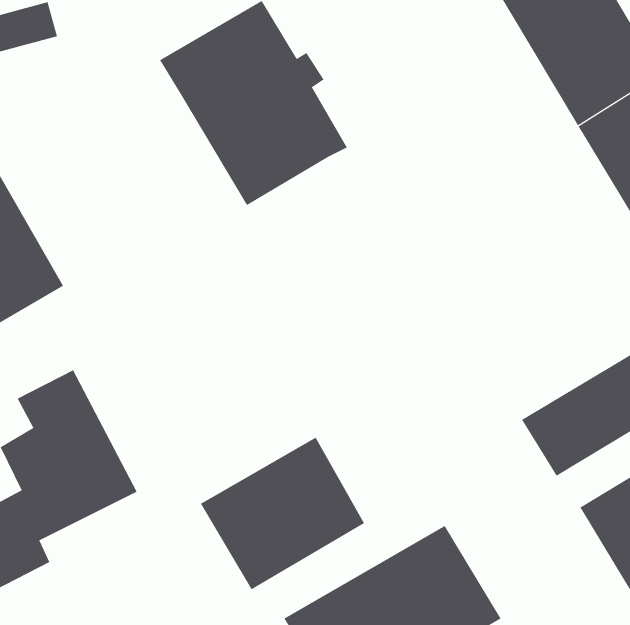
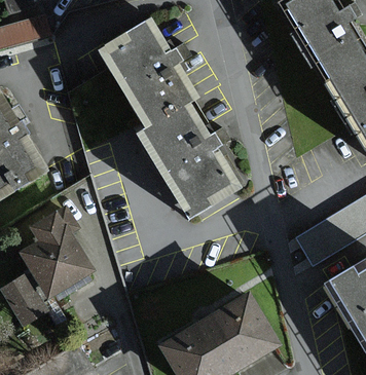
building: none -> [141,98,243,214]
building: [200,437,365,590] -> none

